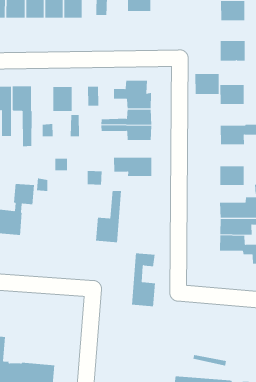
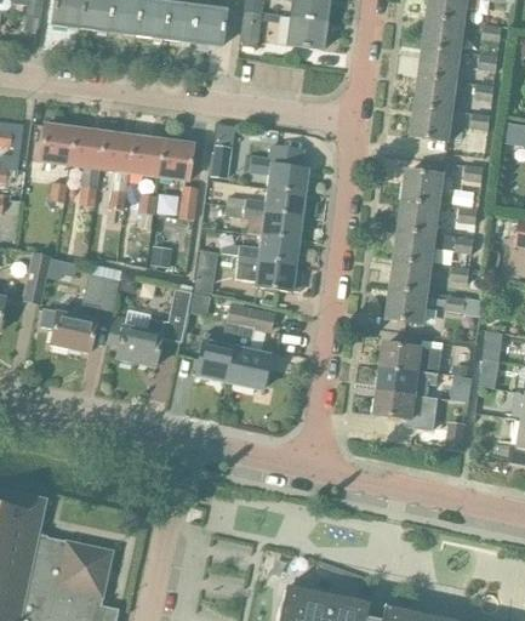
building: none -> [416,75,457,109]
building: [195,74,220,94] -> [400,198,440,233]
building: none -> [127,135,162,176]
building: none -> [221,233,297,262]
building: none -> [392,257,433,292]
building: none -> [107,287,192,365]
building: [131,253,156,307] -> [228,306,273,388]

